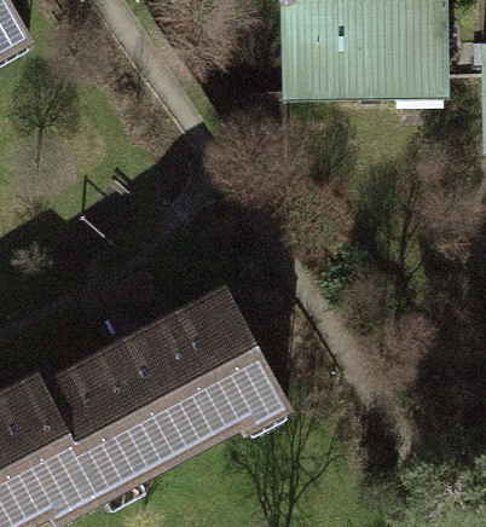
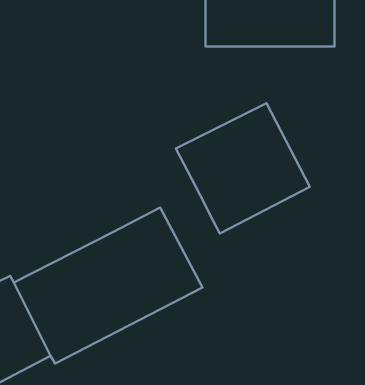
building: none -> [176,103,310,233]

